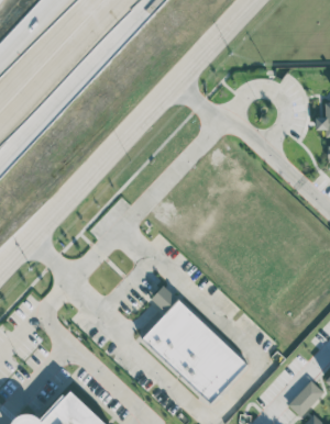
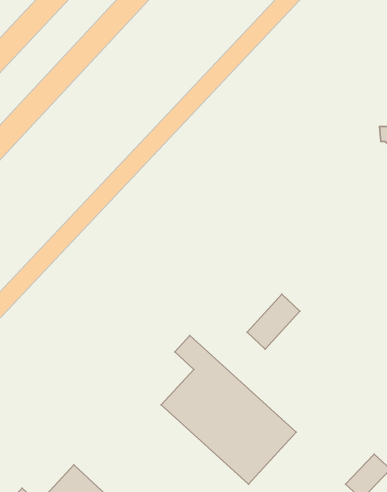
building: none -> [247,294,300,349]

